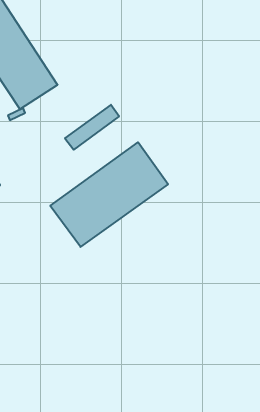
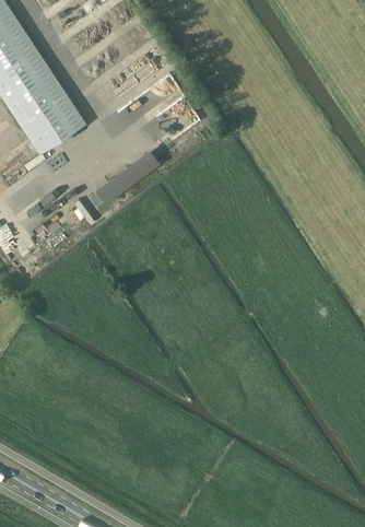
building: [50,142,168,247] -> none

